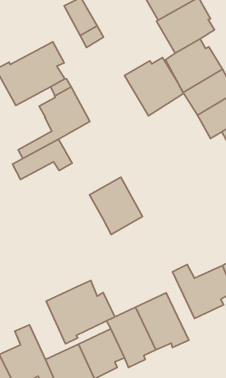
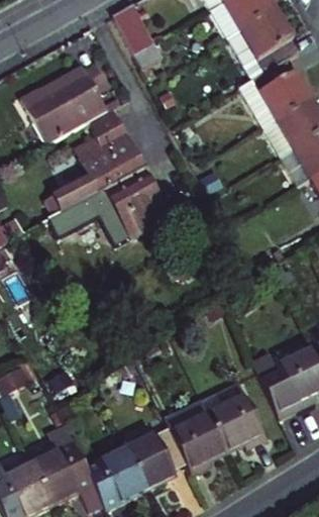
building: [125,58,183,116] -> none
building: [89,177,143,234] -> [103,165,170,236]
building: [46,280,115,344] -> none

